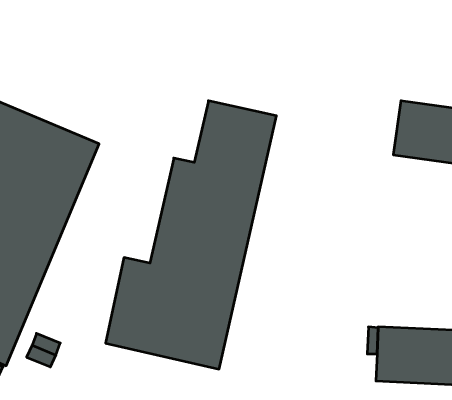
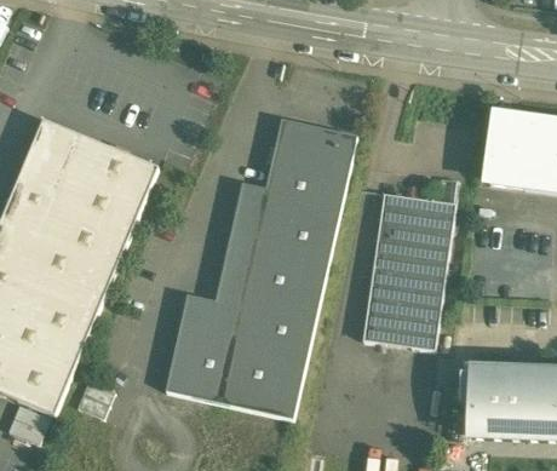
building: none -> [362,191,455,349]

